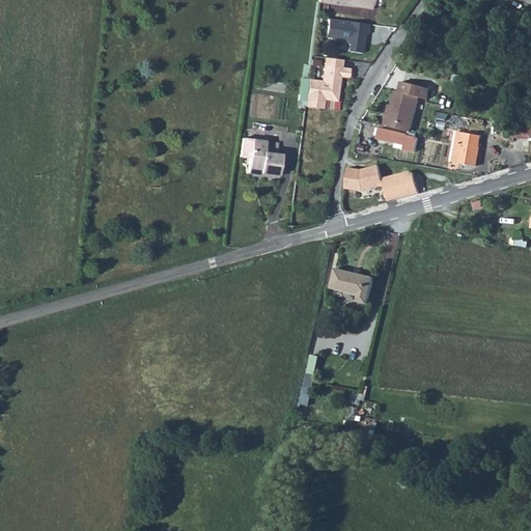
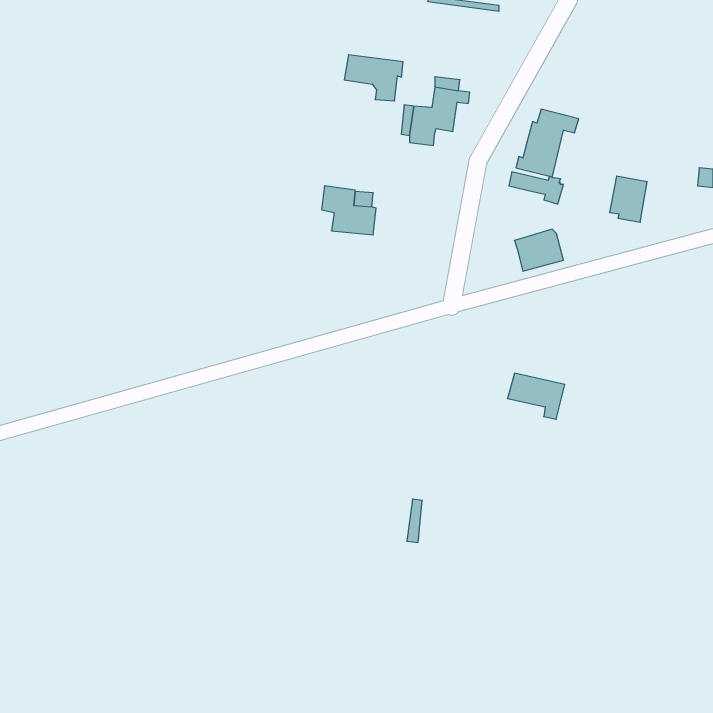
building: [324,18,367,52] -> [344,55,403,101]
building: [344,164,384,191] -> none
building: [331,269,373,303] -> [507,373,565,419]

